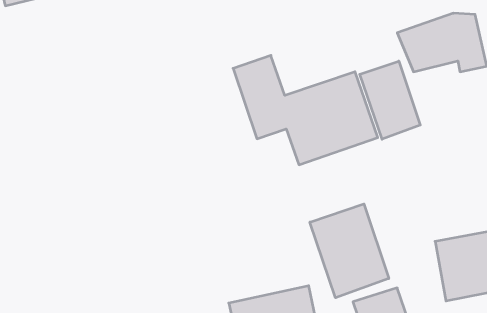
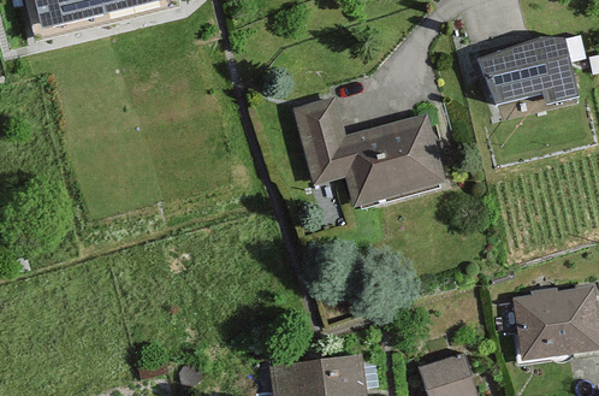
building: [360,61,420,139] -> none
building: [310,204,389,298] -> none

